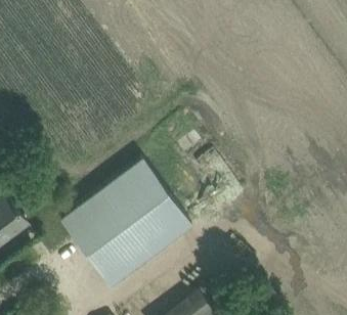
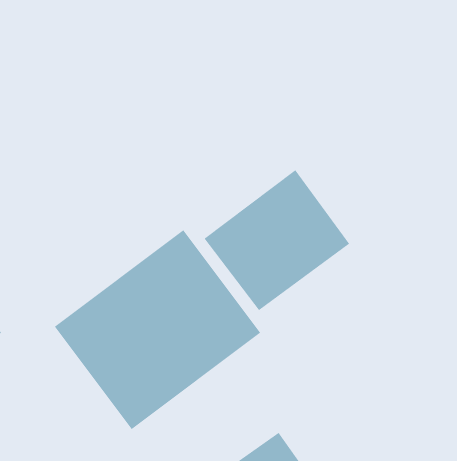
building: none -> [203,169,350,311]

